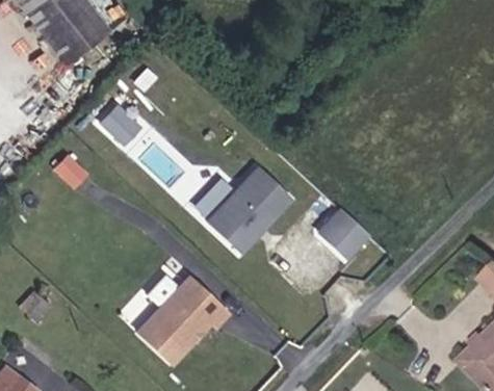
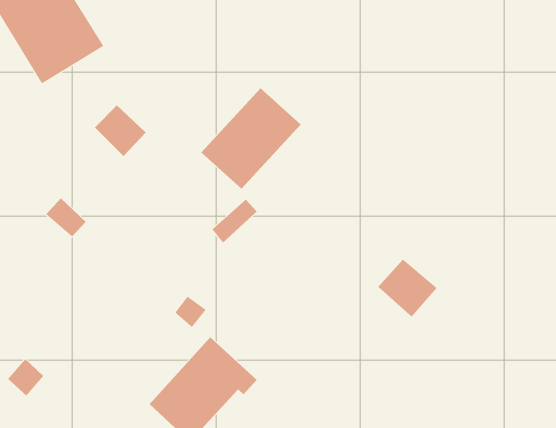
building: [210,166,292,250] -> [201,88,301,190]

